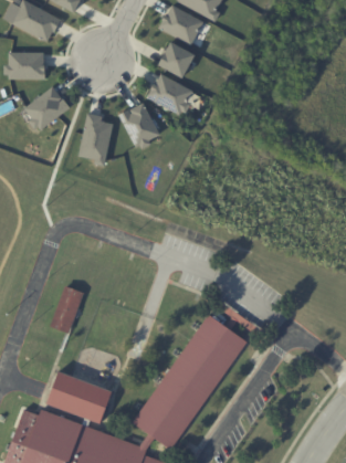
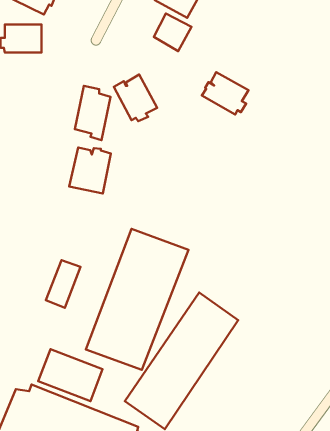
building: [147,73,193,115] -> [202,72,249,115]
building: [25,86,72,130] -> none
building: none -> [69,147,111,193]
building: none -> [86,229,188,370]

